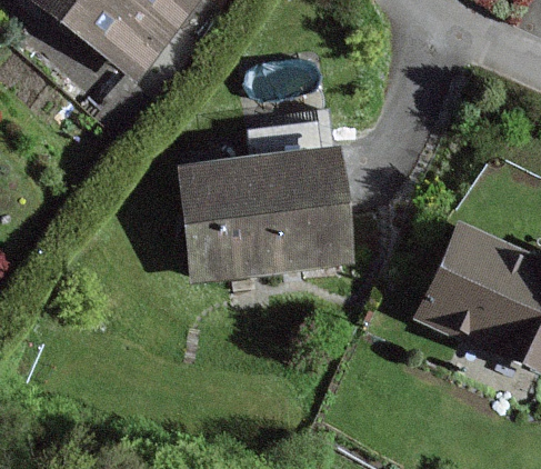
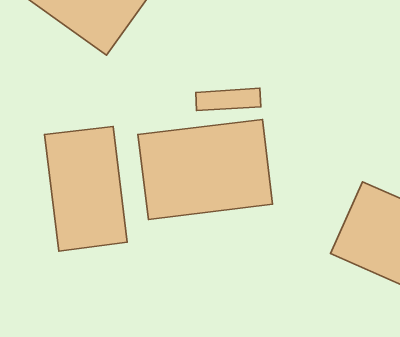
building: none -> [45,127,127,251]

